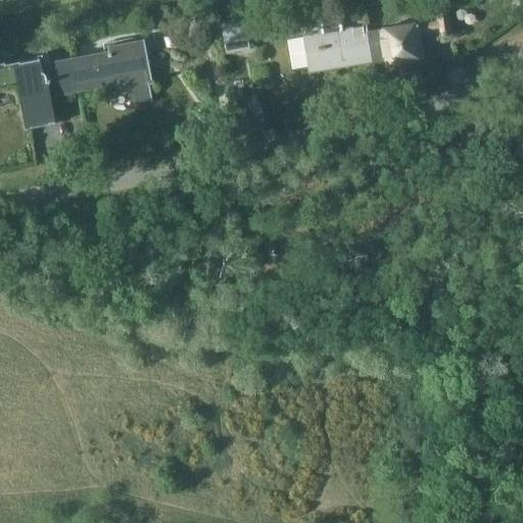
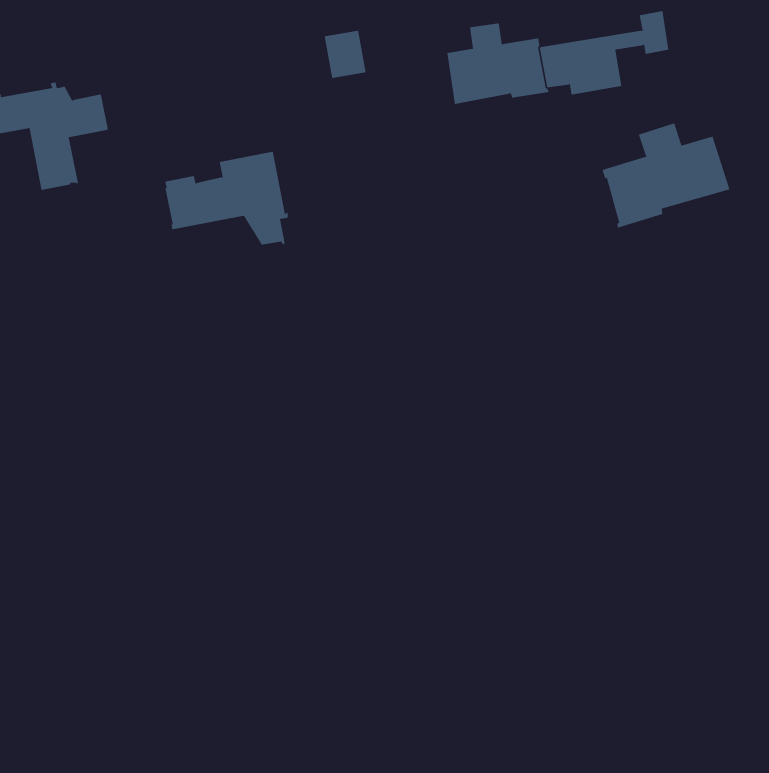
building: [68,39,152,102] -> [164,151,288,245]
building: none -> [602,123,730,228]

